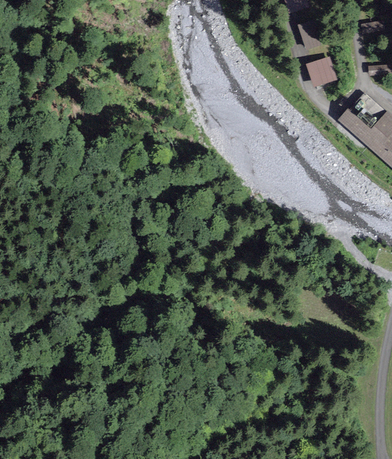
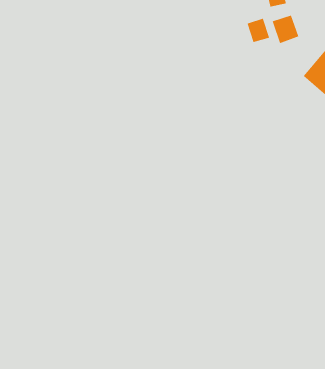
building: none -> [247,18,270,43]

